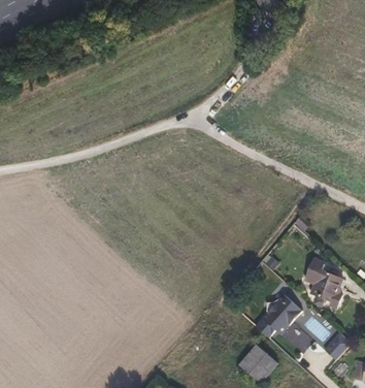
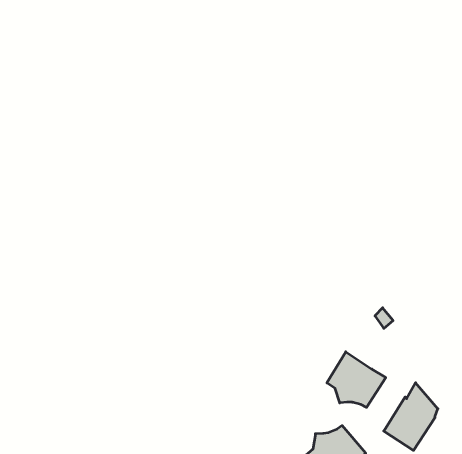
building: none -> [327,352,386,407]

